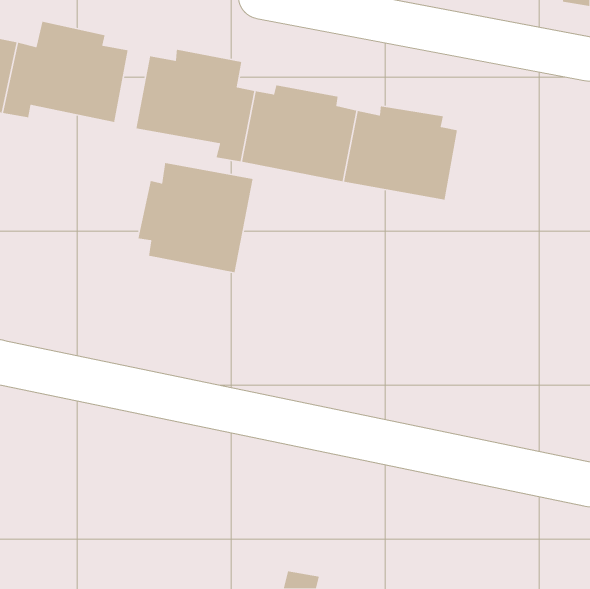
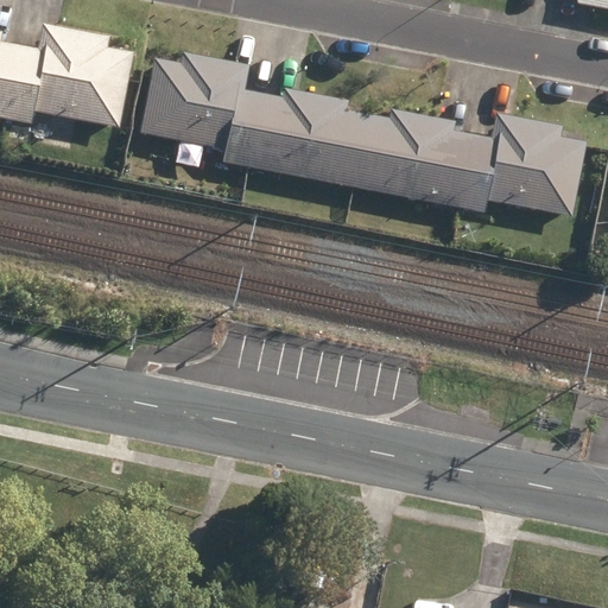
building: none -> [456,112,585,215]
building: [137,162,254,273] -> none

